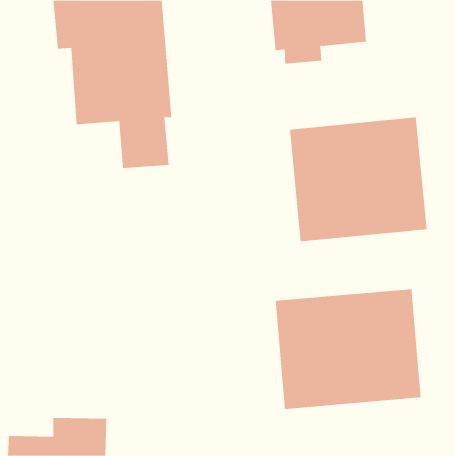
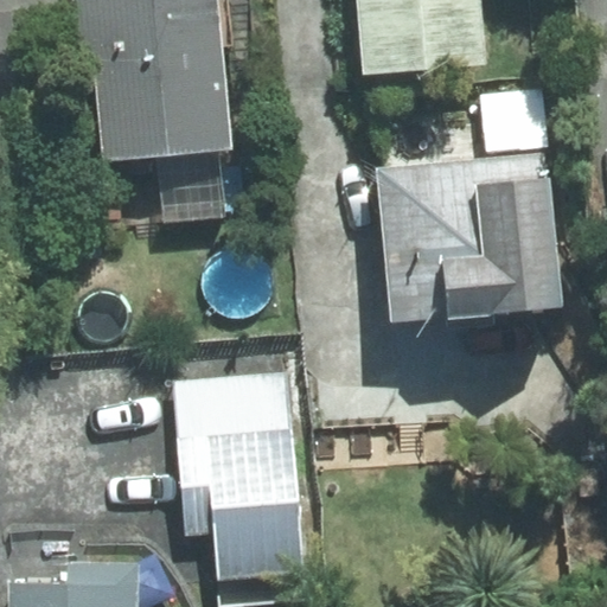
building: none -> [171,373,300,579]
building: [275,288,421,410] -> none

